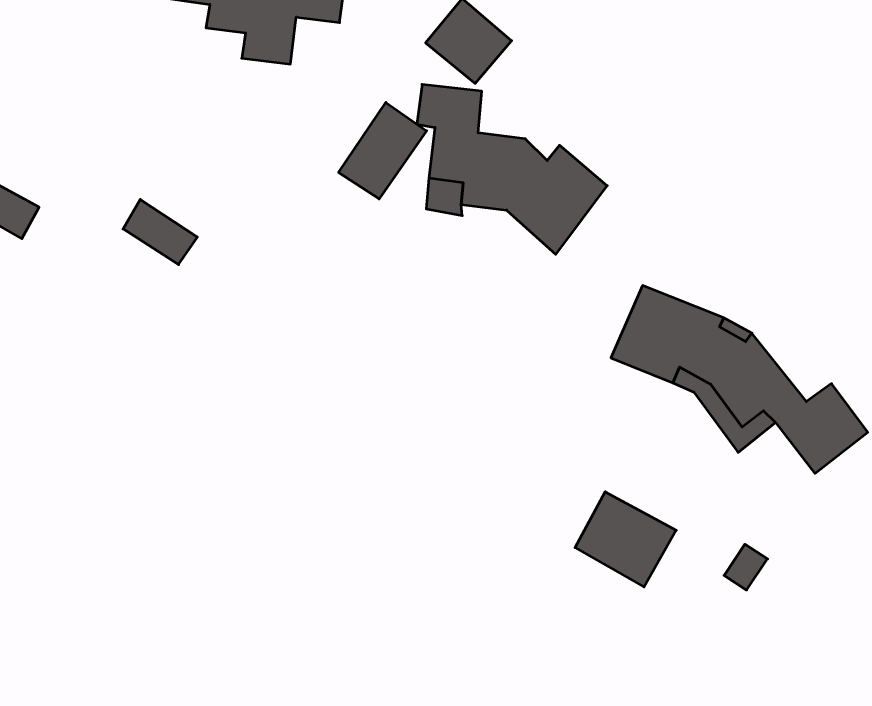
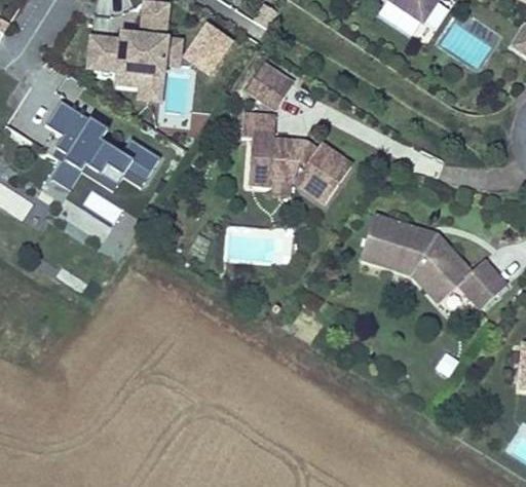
building: none -> [44,101,162,188]
building: [339,102,427,199] -> none
building: [575,492,676,587] -> none

